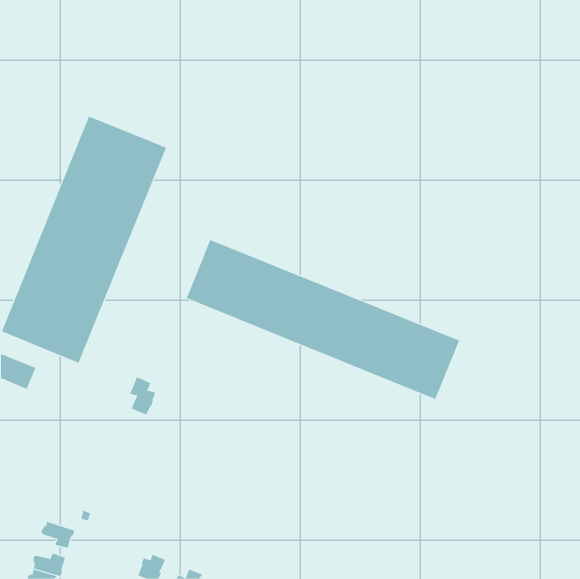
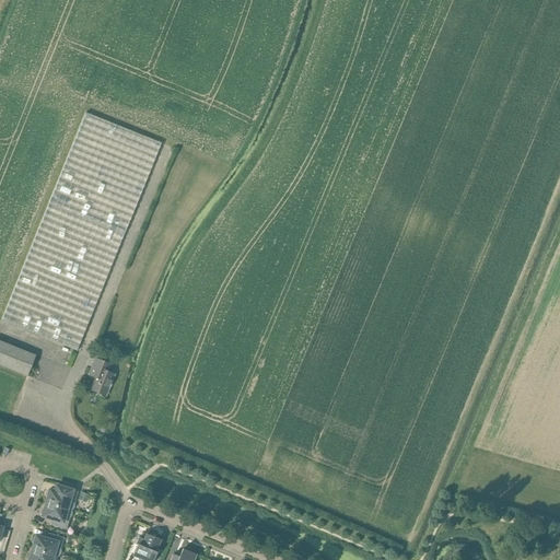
building: [186,240,460,400] -> none
building: [130,377,156,415] -> [88,358,113,395]
building: none -> [45,483,77,511]

